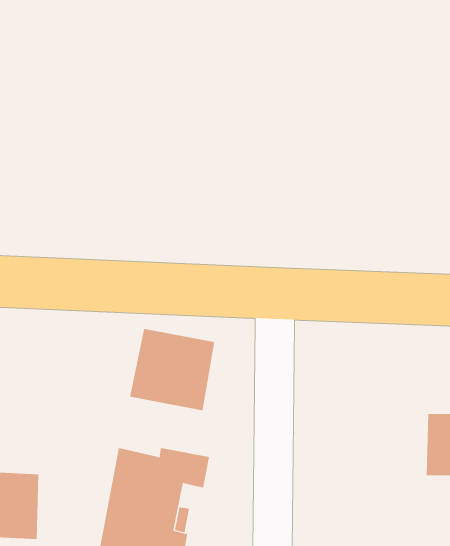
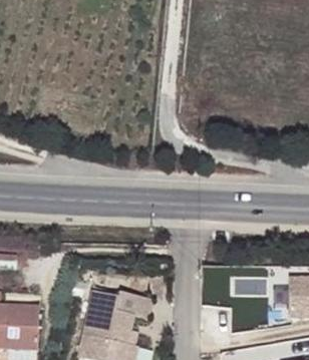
building: [129,328,215,411] -> none

